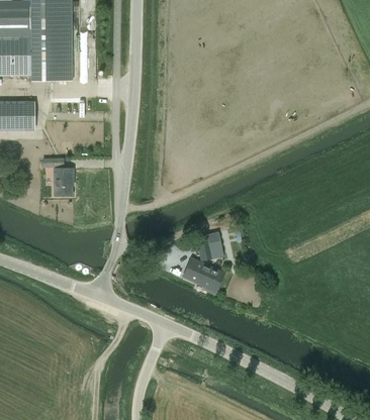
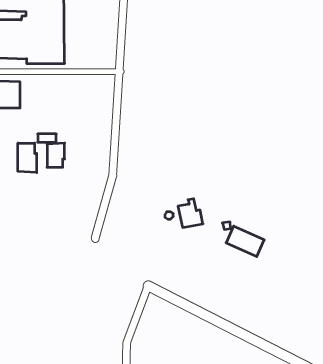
building: none -> [18,143,37,173]
building: [183,258,224,292] -> [226,226,264,257]

